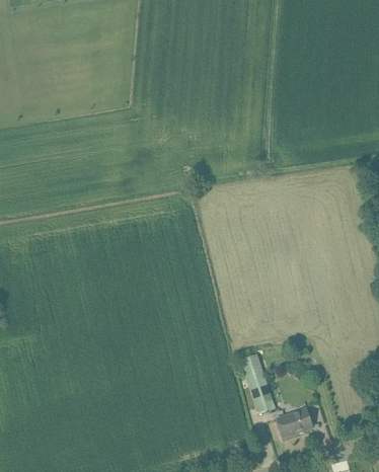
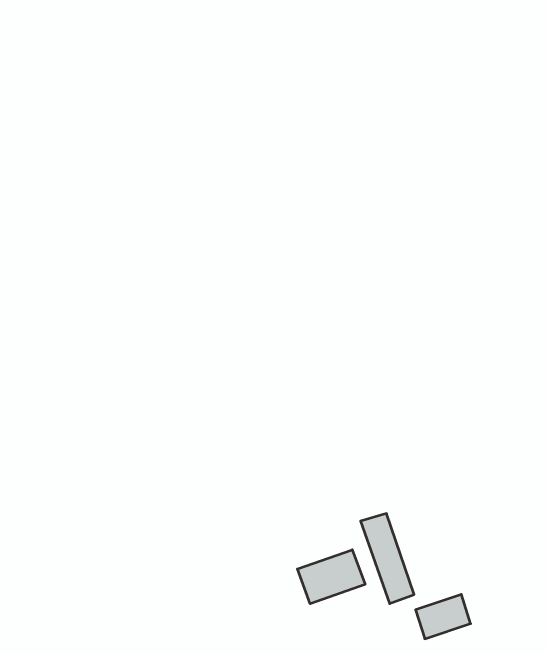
building: none -> [297,550,365,604]

